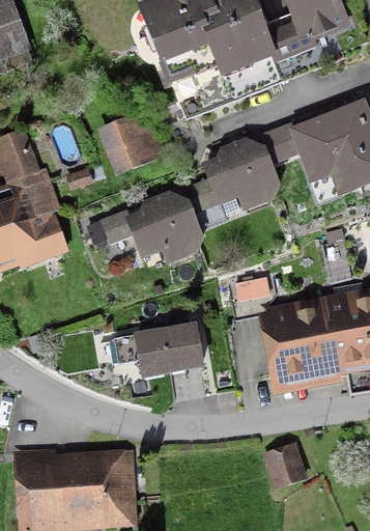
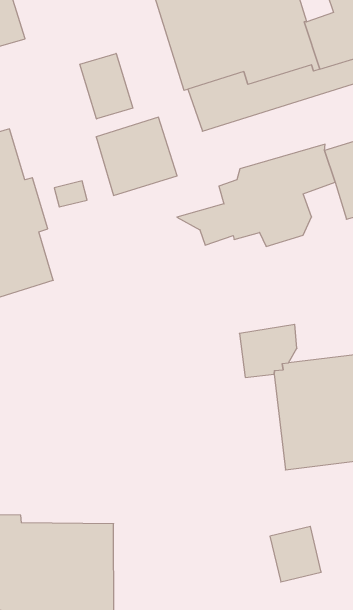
building: none -> [80,53,133,119]
building: [87,190,203,262] -> none
building: [113,322,203,379] -> none

